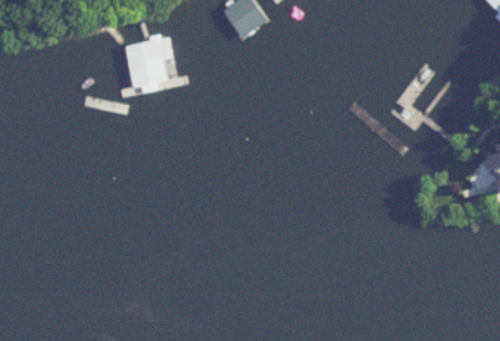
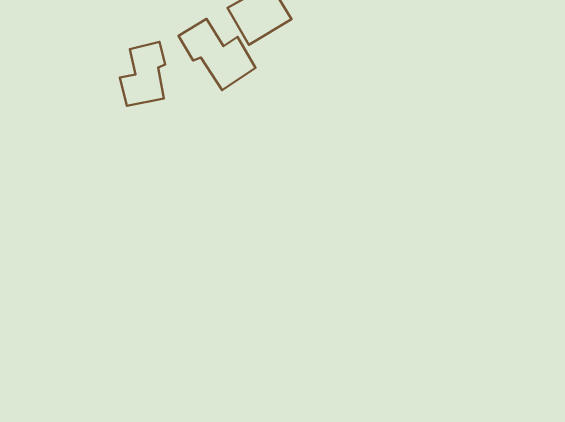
building: none -> [179,19,256,90]

